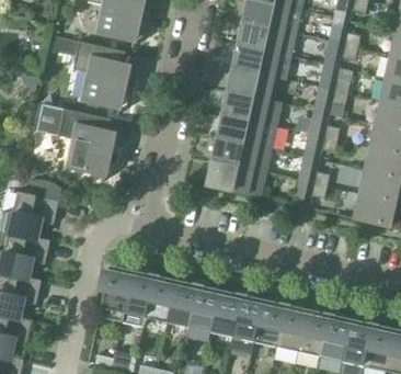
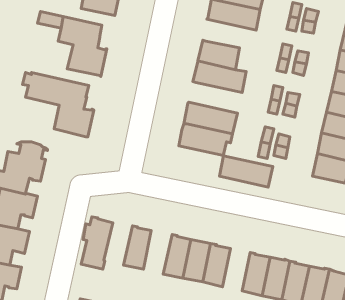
building: [232,45,291,80] -> none
building: [217,114,276,149] -> [220,156,273,187]
building: [122,271,154,328] -> none
building: [167,280,198,328] -> none
building: [254,299,285,347] -> none

